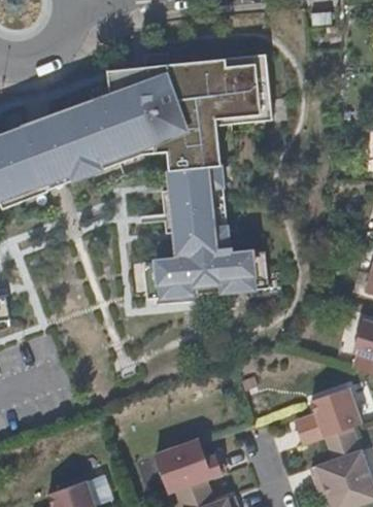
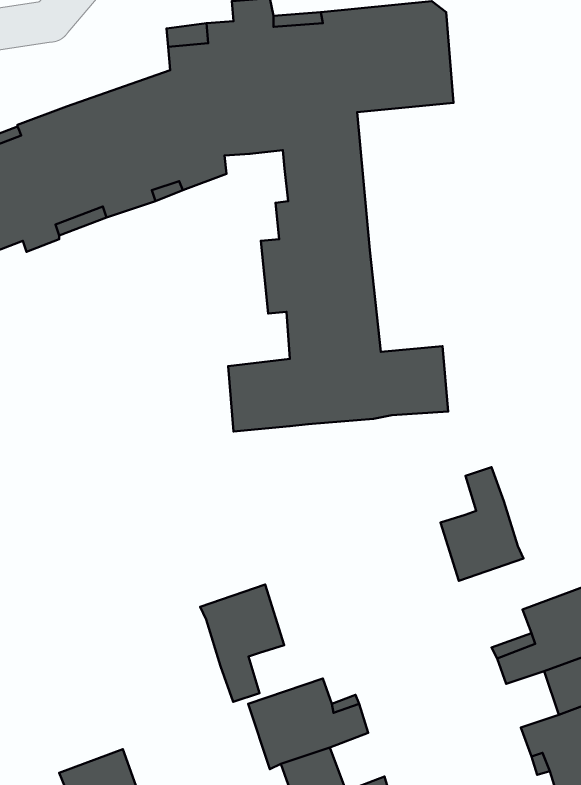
building: none -> [441,467,523,581]
building: none -> [200,585,284,702]

